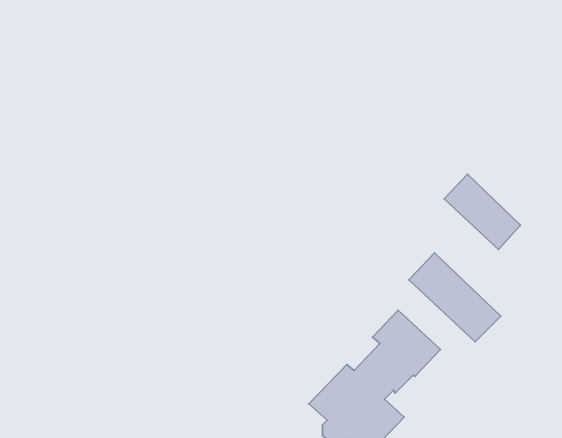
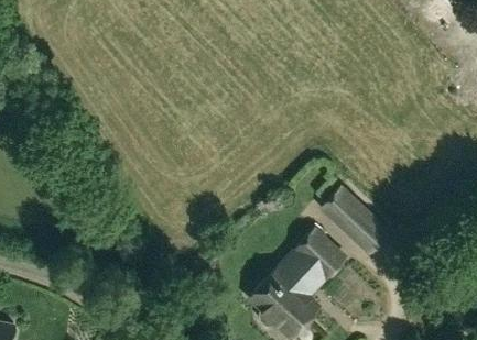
building: [444,174,521,250] -> none

